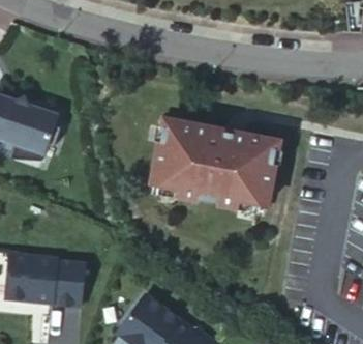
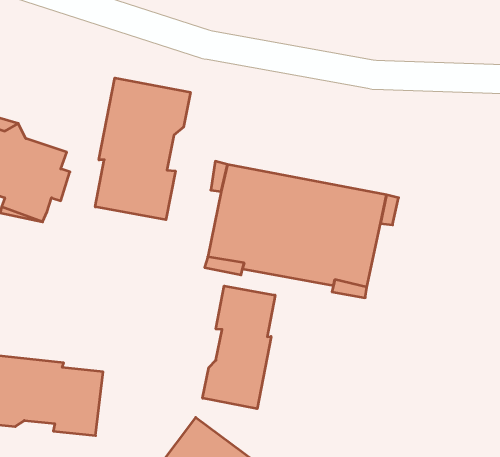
building: none -> [95,78,190,220]
building: none -> [203,286,275,409]

